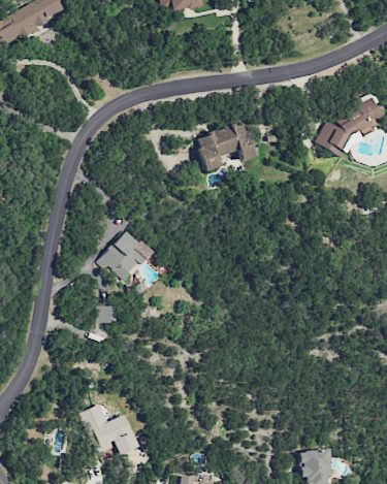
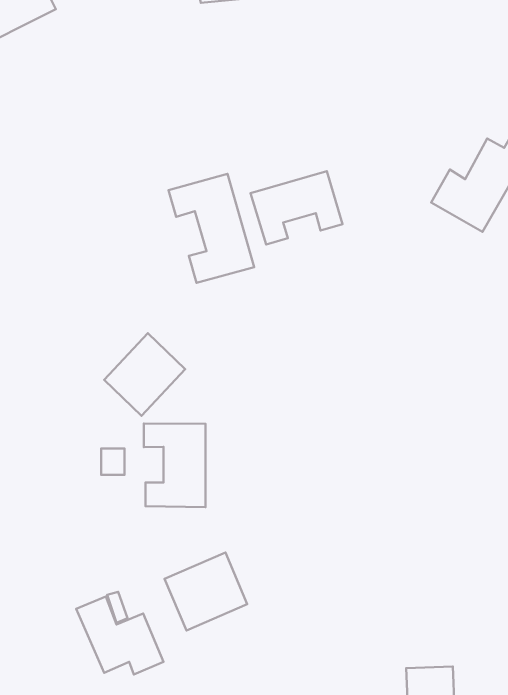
building: none -> [168,174,254,283]
building: none -> [144,423,205,507]
building: none -> [165,553,247,631]

